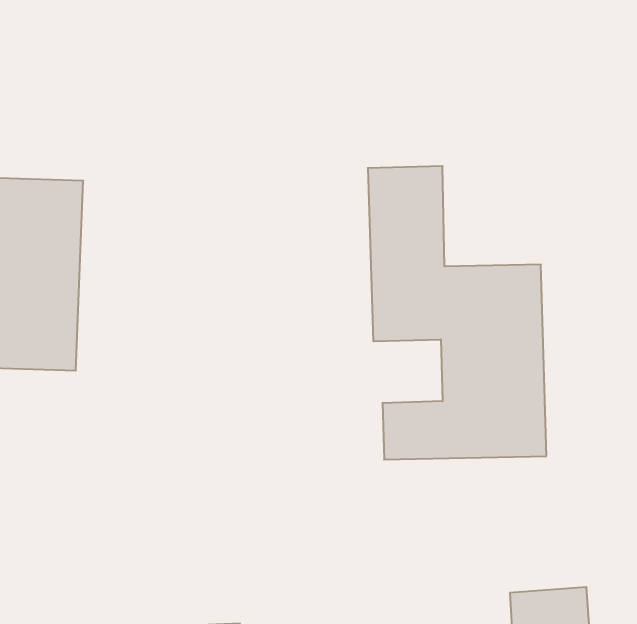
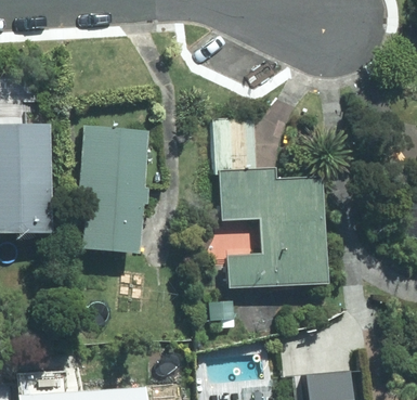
building: none -> [80,124,154,256]

